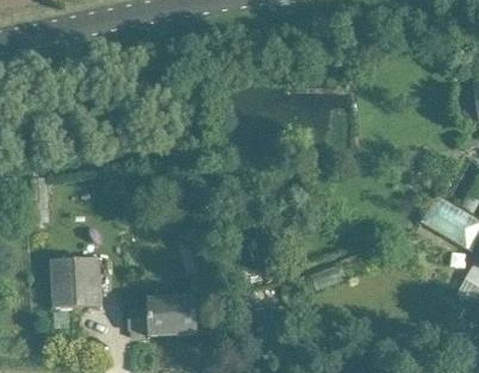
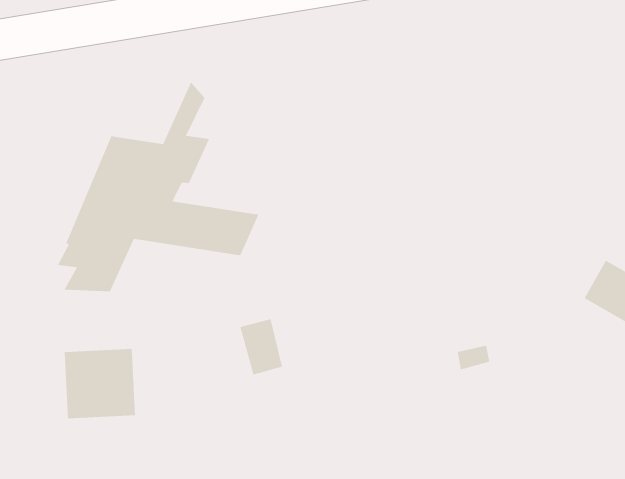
building: none -> [57,82,259,292]
building: [129,297,197,335] -> none

